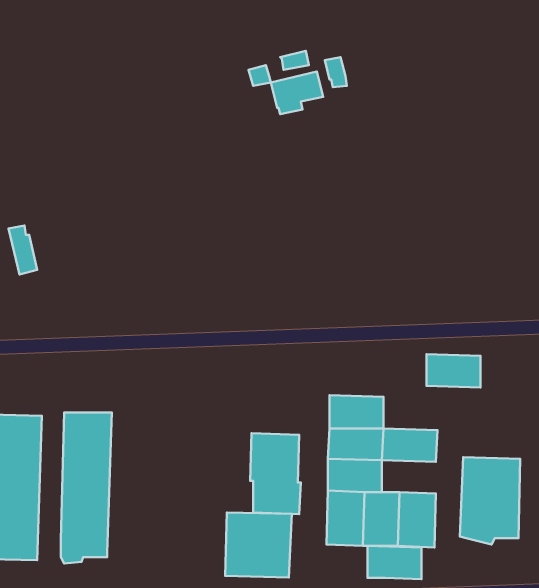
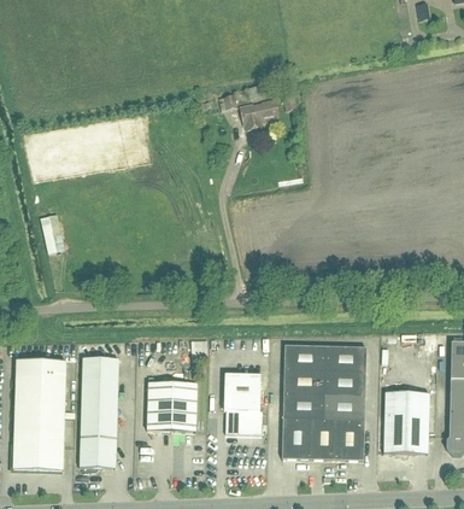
building: [427,354,481,388] -> [324,345,365,370]
building: [225,512,292,577] -> [146,381,196,431]
building: [367,546,421,579] -> [323,393,364,419]

